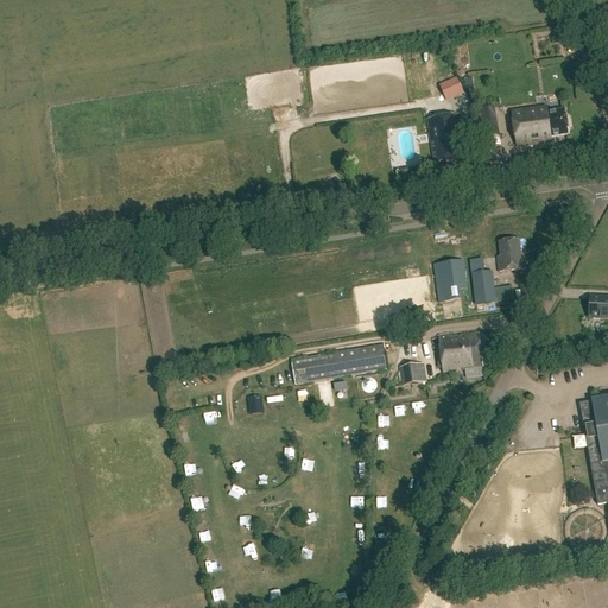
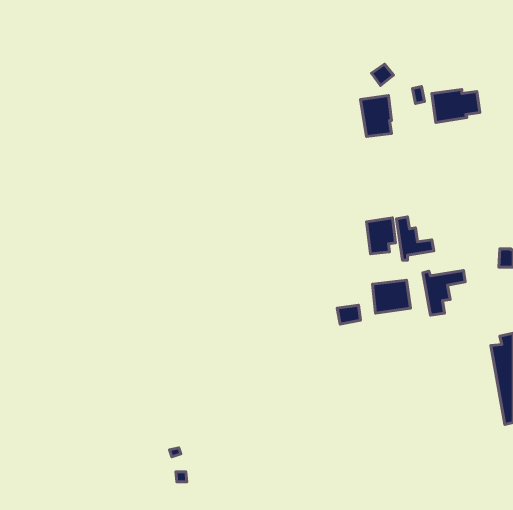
building: [499,236,527,270] -> none
building: none -> [423,270,465,315]
building: [291,342,387,382] -> none

